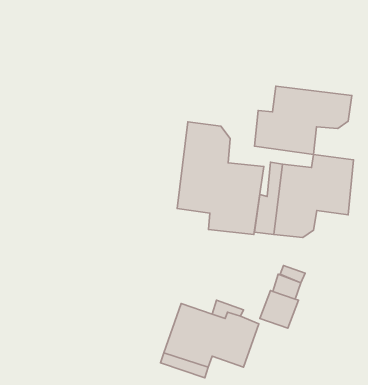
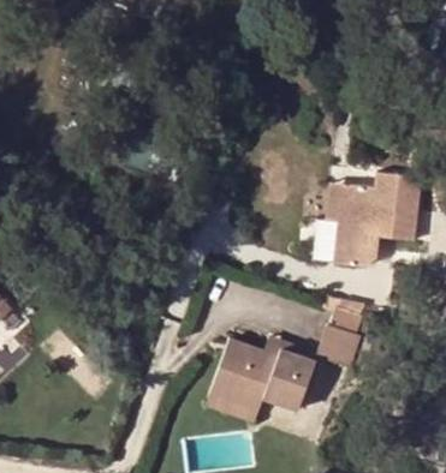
building: [254,86,352,155] -> none
building: [177,122,264,234] -> none

